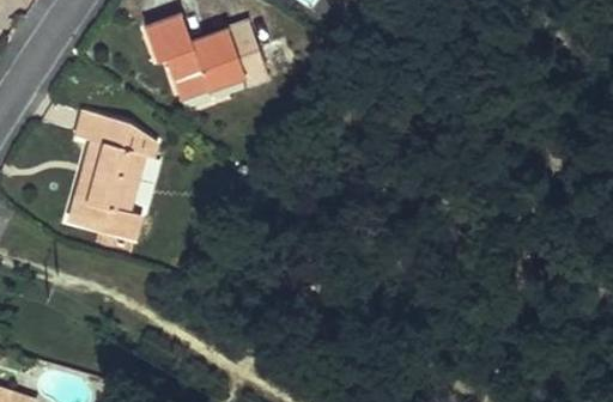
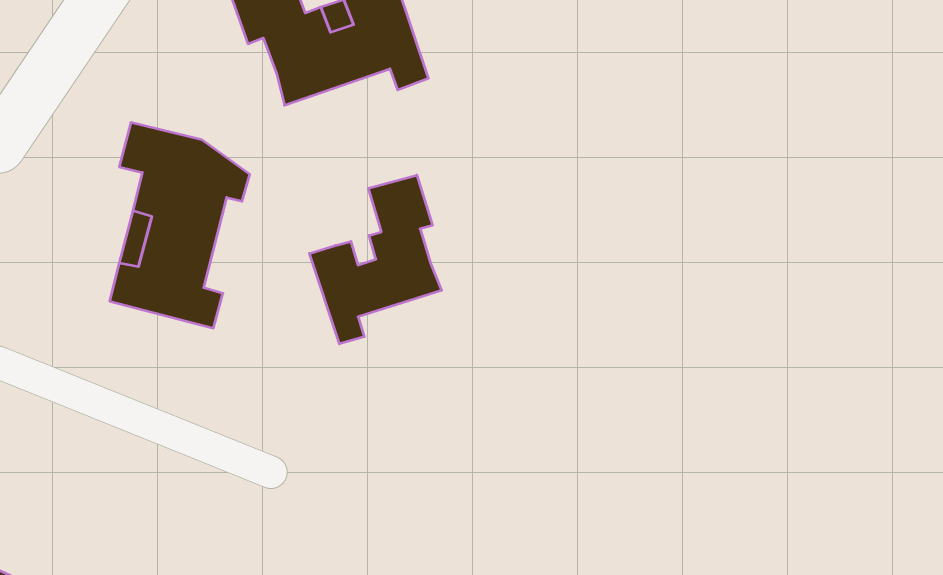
building: none -> [309,175,442,344]

